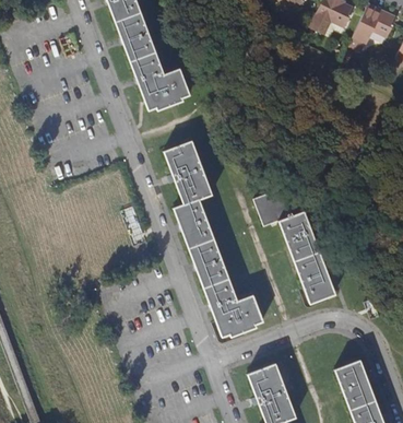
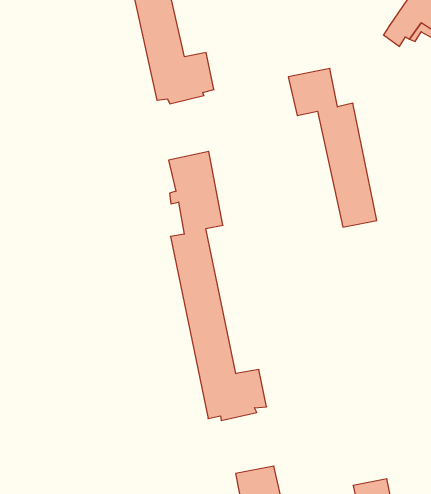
building: [253,187,334,302] -> [288,68,377,227]

